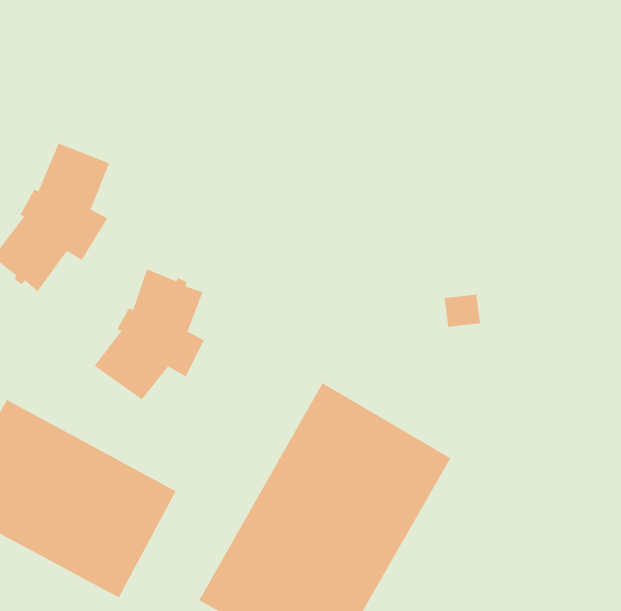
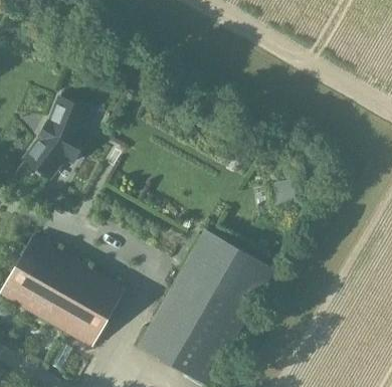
building: [94,268,204,400] -> none

